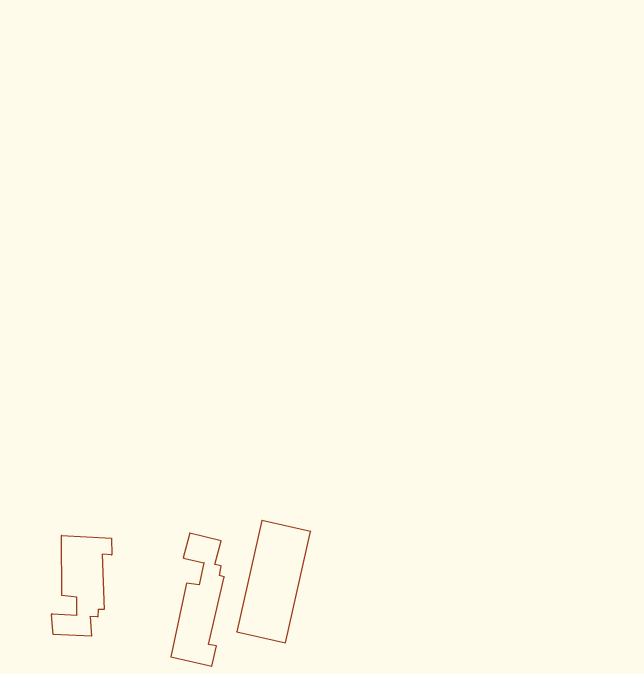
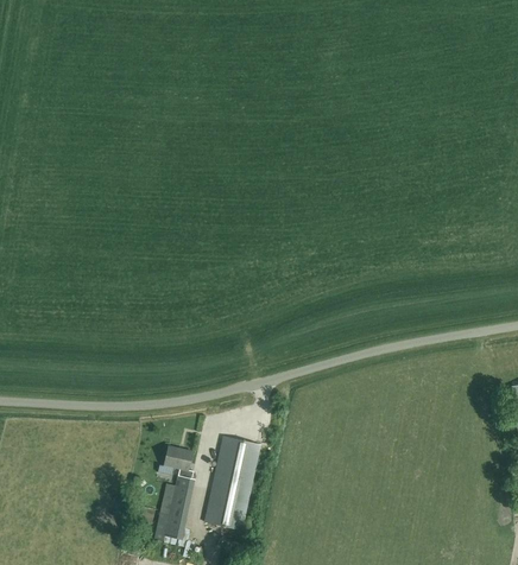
building: [52,535,112,636] -> none

